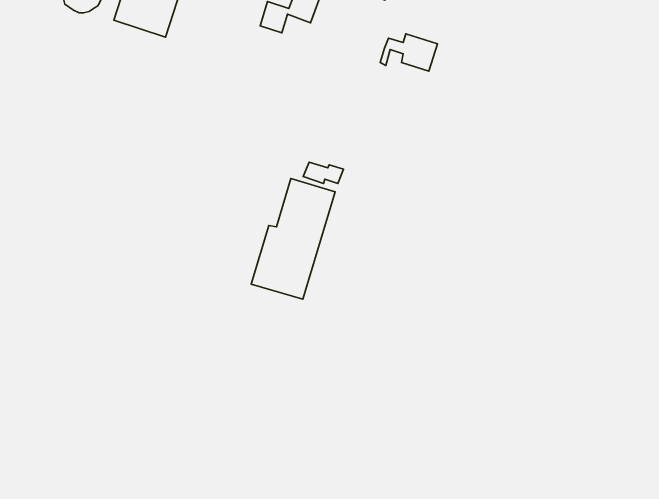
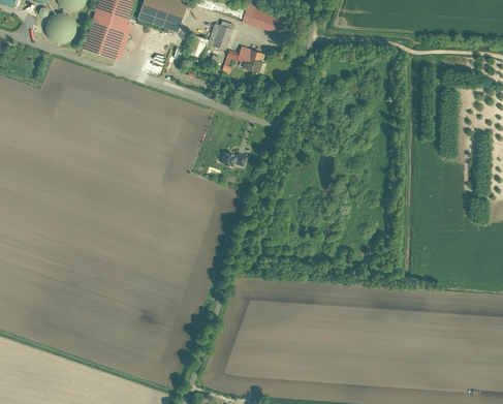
building: [380,34,437,71] -> [223,46,264,73]
building: [251,179,335,299] -> none

